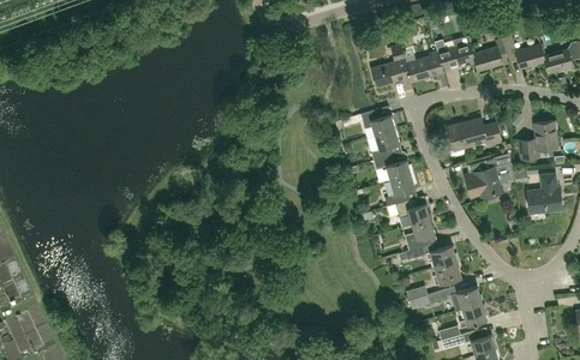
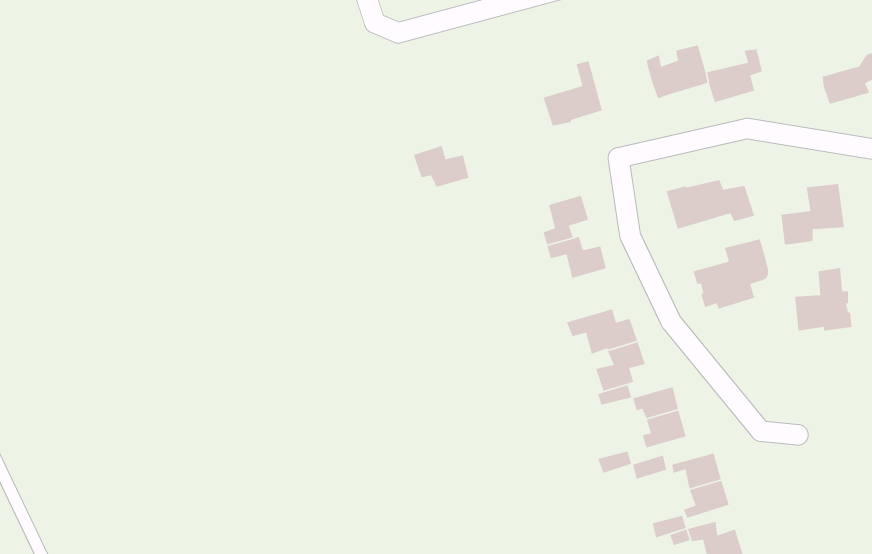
building: [503,36,544,68] -> none
building: [405,52,442,82] -> none
building: [360,108,395,134] -> [413,145,469,188]
building: [384,174,415,206] -> none

